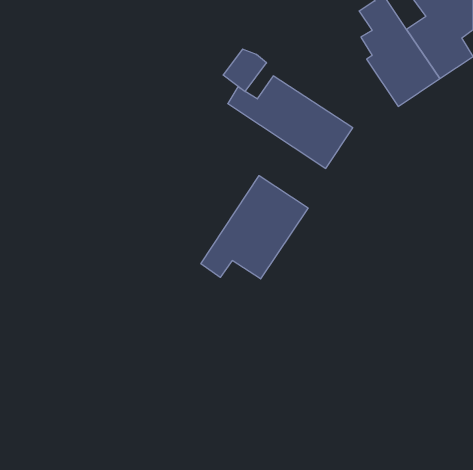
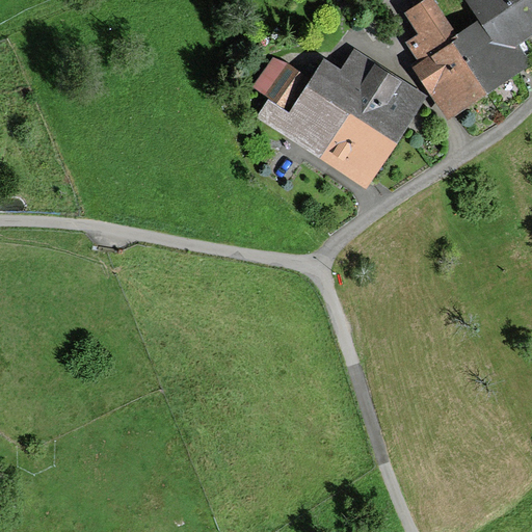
building: none -> [307,48,427,143]
building: [201,176,308,279] -> none

